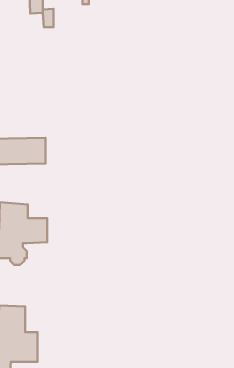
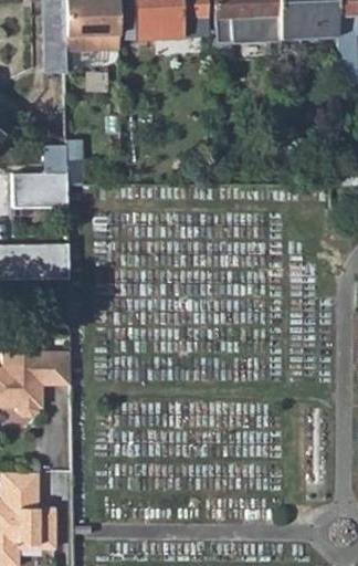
building: none -> [13,145,67,208]

